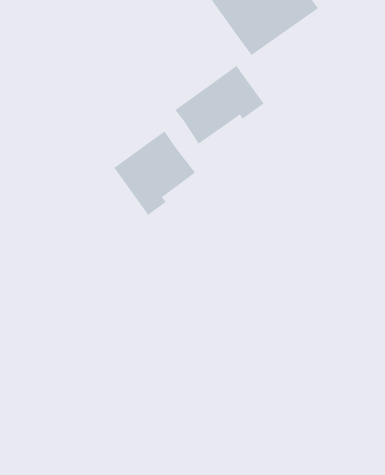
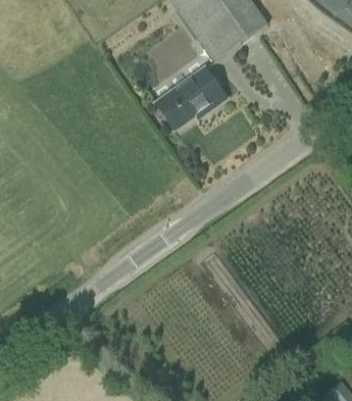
building: [113,131,196,216] -> none

